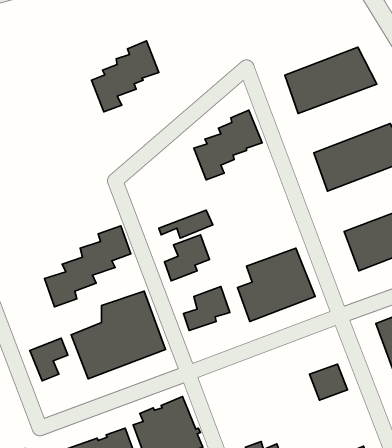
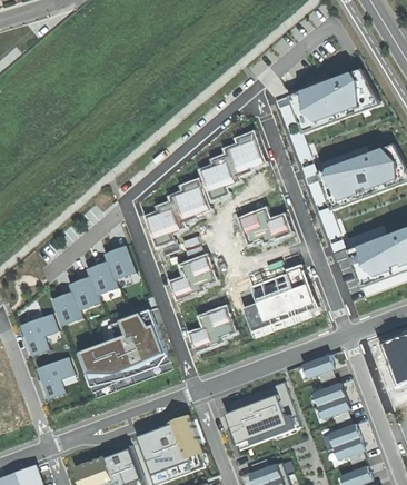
building: [91,41,159,112] -> [143,177,210,247]
building: none -> [237,207,290,245]
building: none -> [19,311,59,356]
building: none -> [300,352,334,378]
building: none -> [225,380,300,449]
building: none -> [327,422,366,459]

